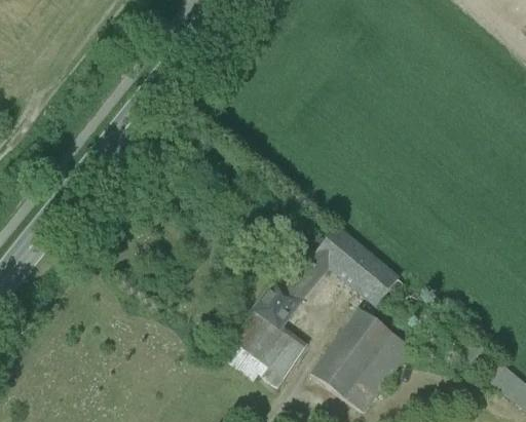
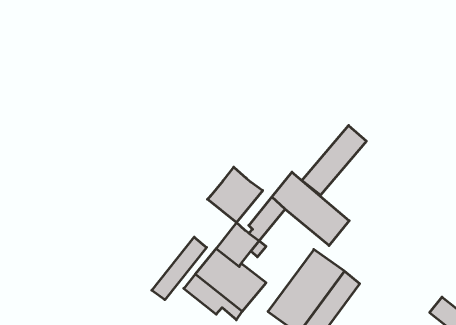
building: none -> [302,125,366,195]
building: none -> [207,167,263,223]
building: none -> [152,237,207,300]

